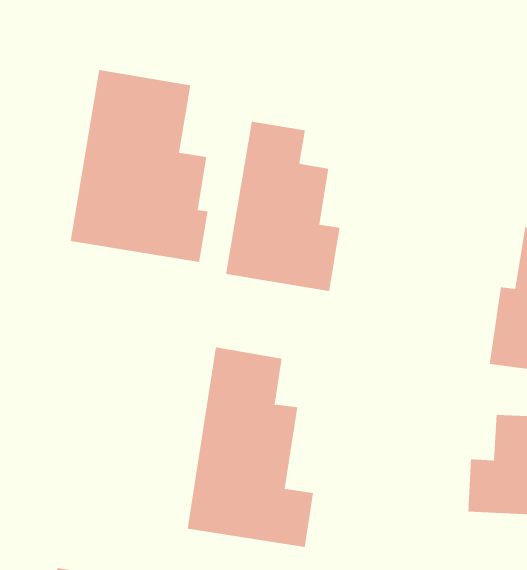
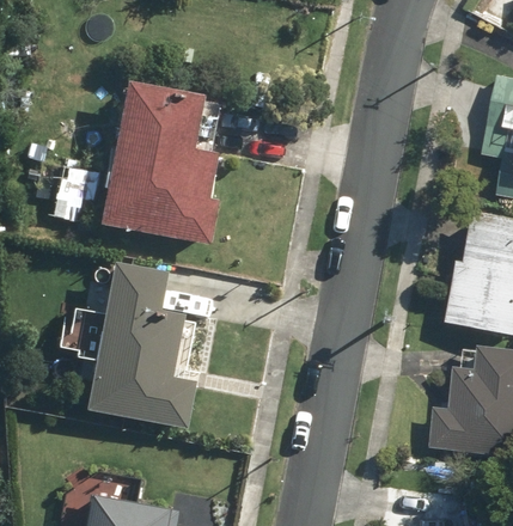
building: [226,121,340,292] -> none
building: [187,347,314,547] -> [85,261,191,428]

